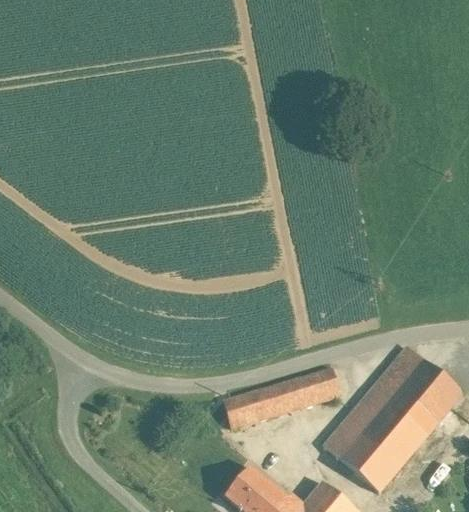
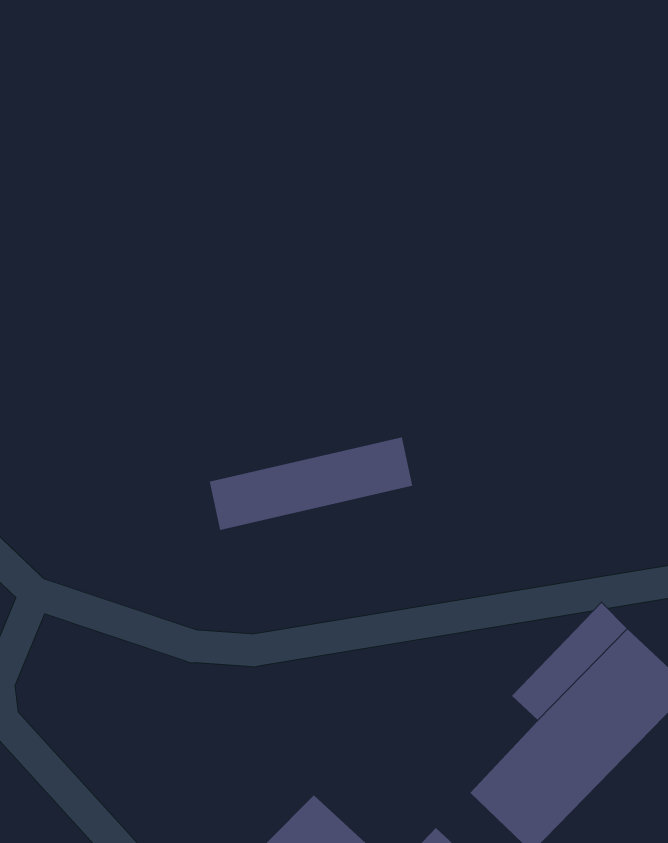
building: [224,368,341,429] -> [209,437,413,531]
building: [324,404,377,461] -> none

